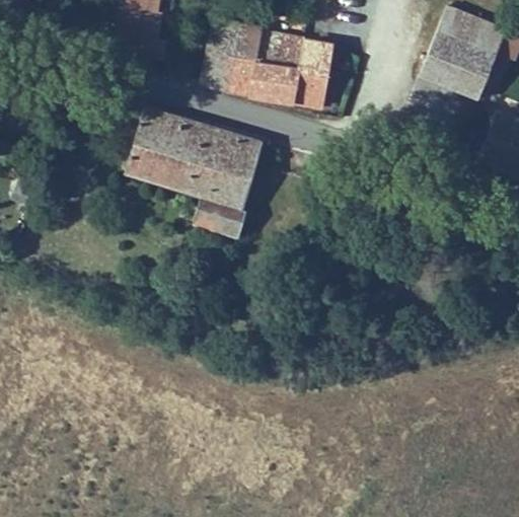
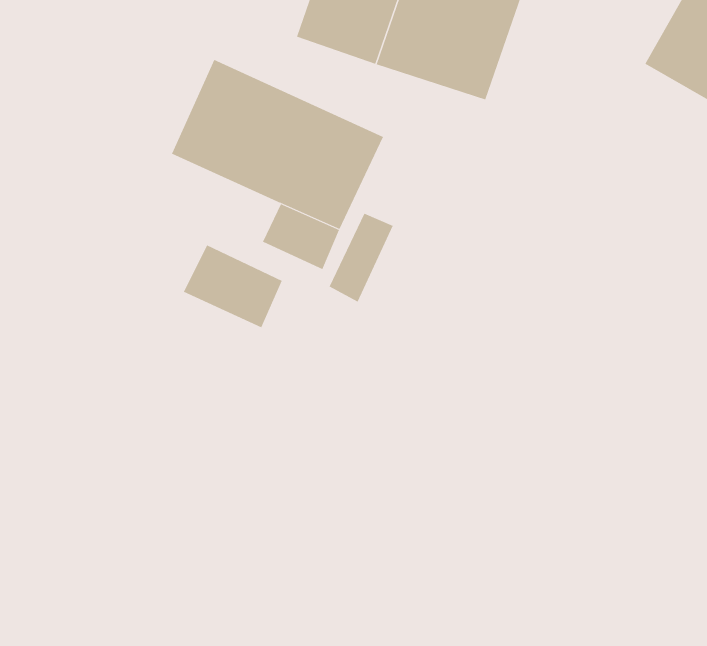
building: none -> [329,213,393,302]
building: none -> [183,245,282,328]

